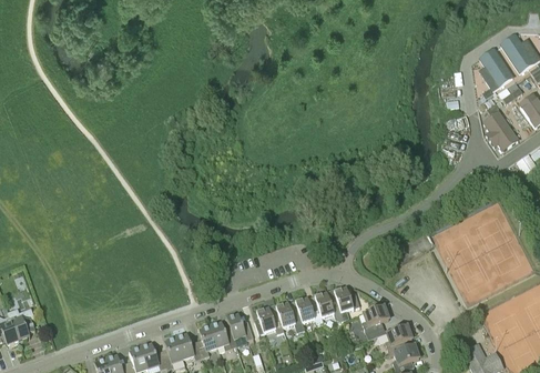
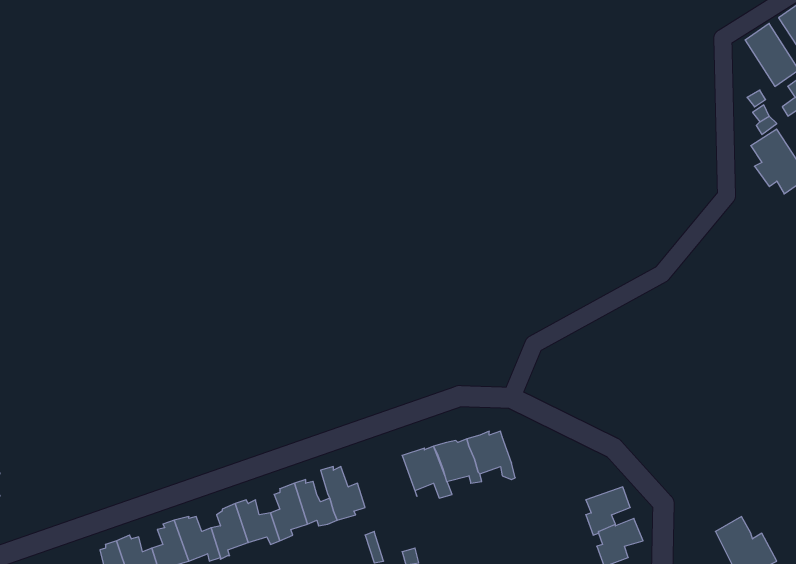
building: [334,288,359,321] -> none
building: [361,306,388,340] -> none
building: [254,308,284,335] -> none

